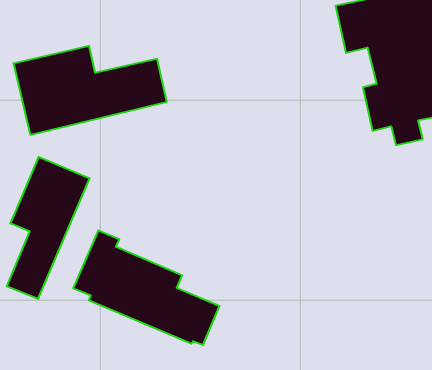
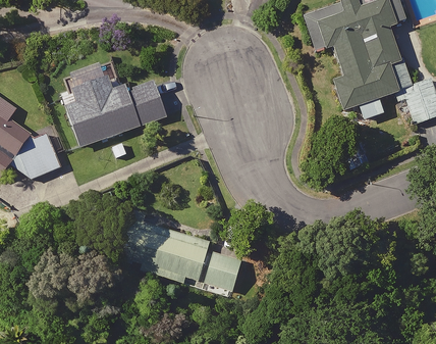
building: [7,157,90,299] -> none

